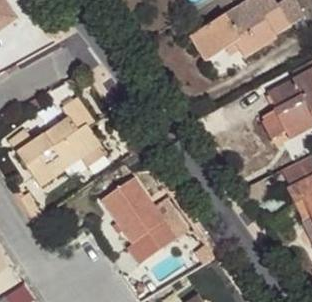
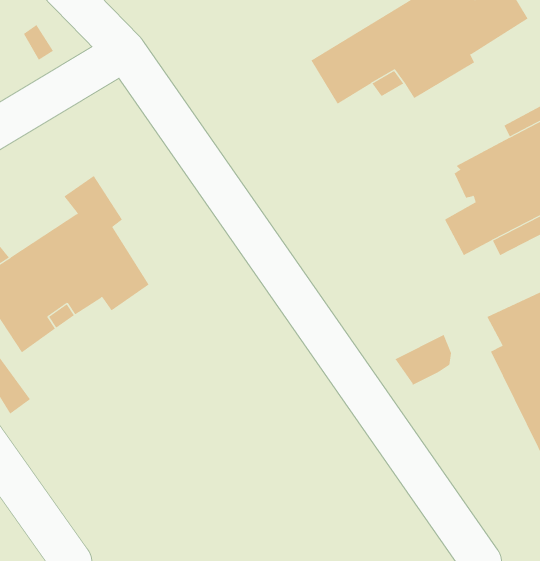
building: [101,175,177,262] -> none

